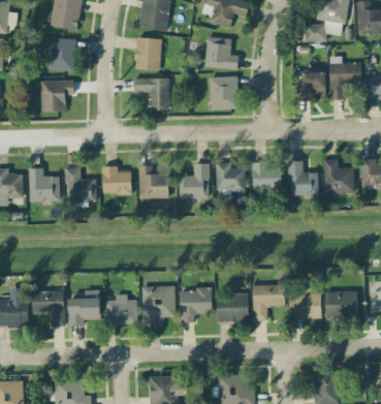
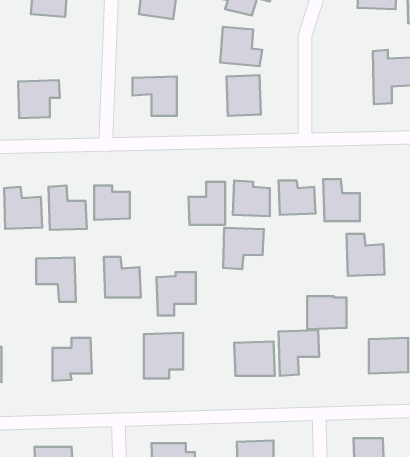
building: [304,24,326,42] -> none
building: [135,37,161,69] -> none
building: [50,38,74,71] -> none
building: [296,72,325,99] -> none
building: [323,159,354,193] -> [346,234,385,276]
building: [138,165,168,198] -> [104,257,141,298]
building: none -> [223,228,264,269]
building: [180,287,212,322] -> [156,272,196,315]
building: [32,290,64,327] -> [36,257,76,302]
building: [289,292,321,319] -> [307,296,347,329]
building: [105,294,137,323] -> none

